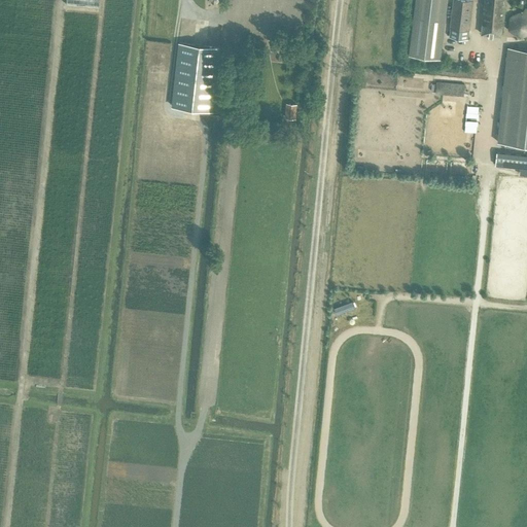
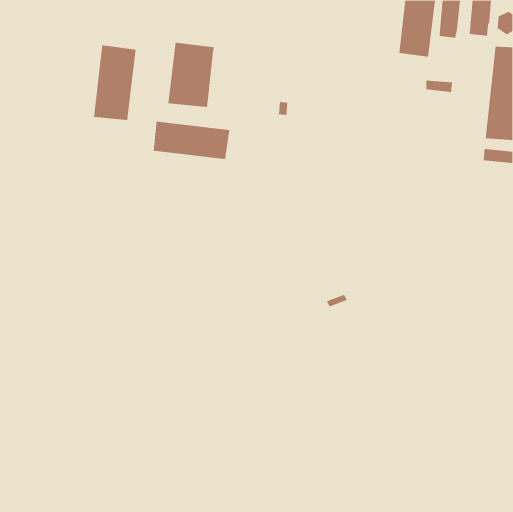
building: none -> [94,45,136,121]
building: none -> [153,121,230,160]

